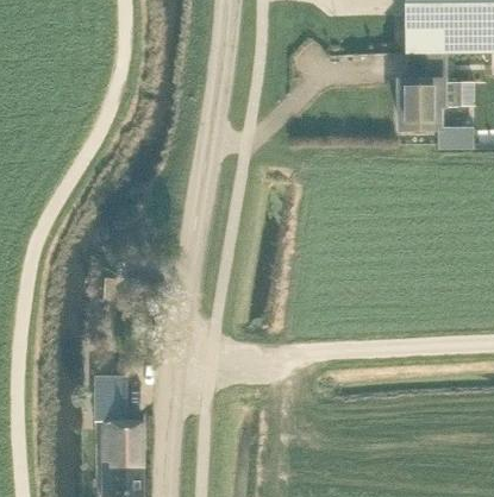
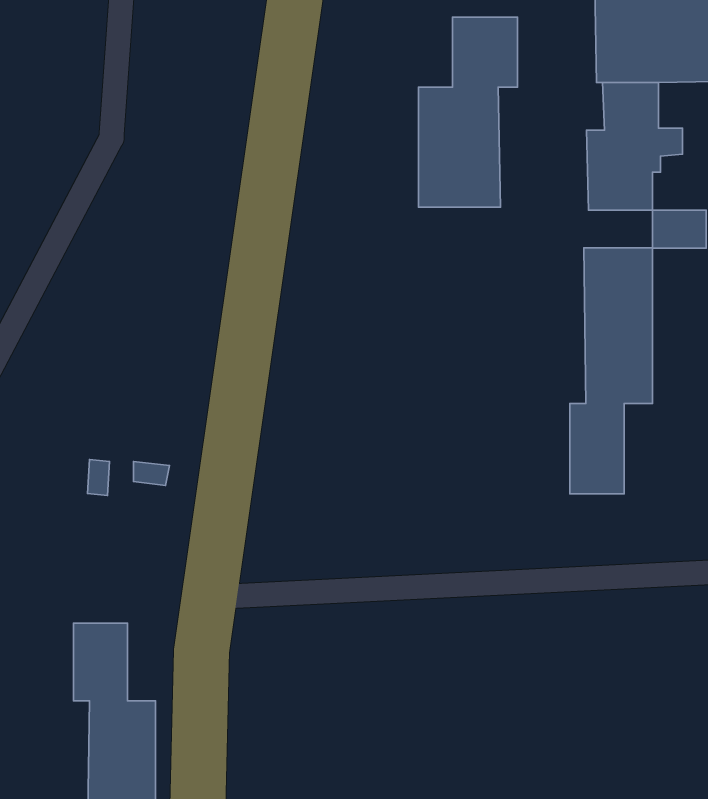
building: none -> [419,17,517,207]
building: none -> [570,248,652,494]

